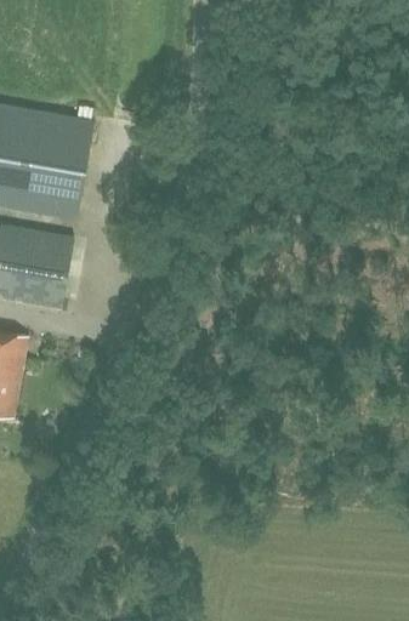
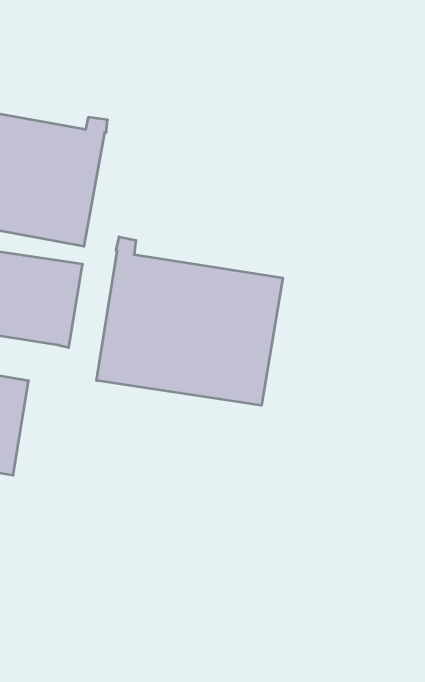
building: none -> [97,237,283,405]

